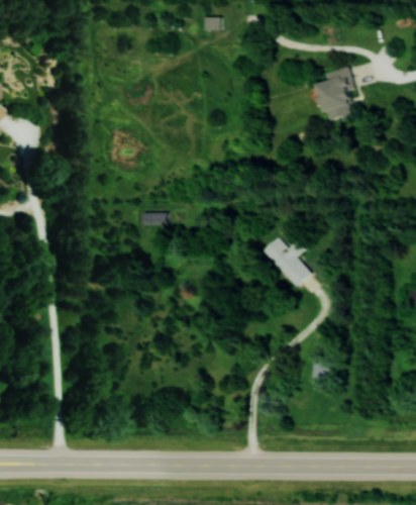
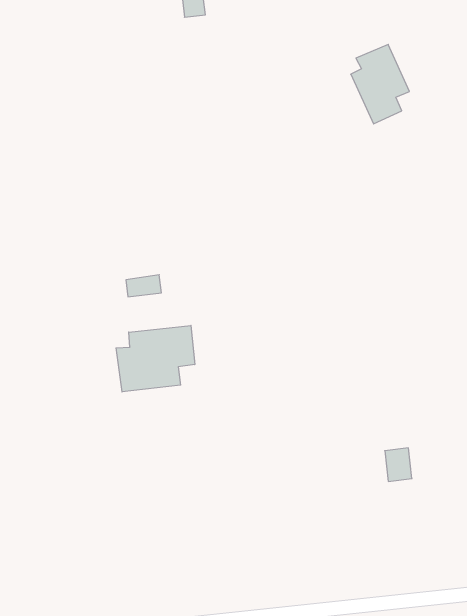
building: [263,237,310,287] -> none
building: none -> [116,325,195,392]

